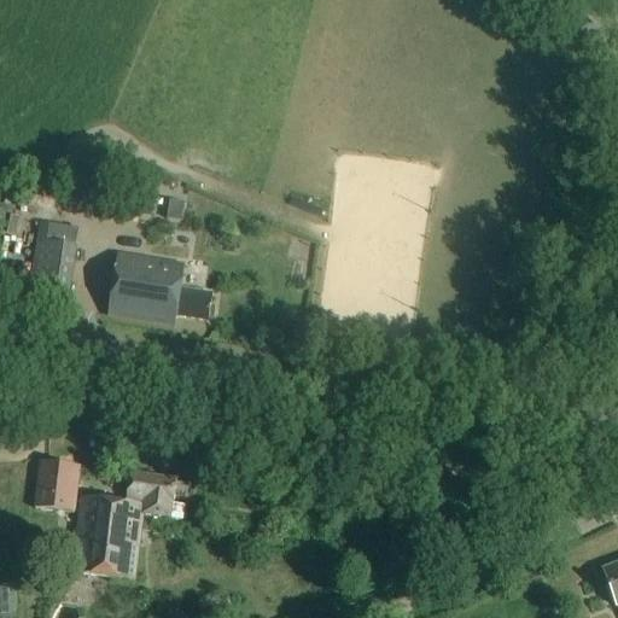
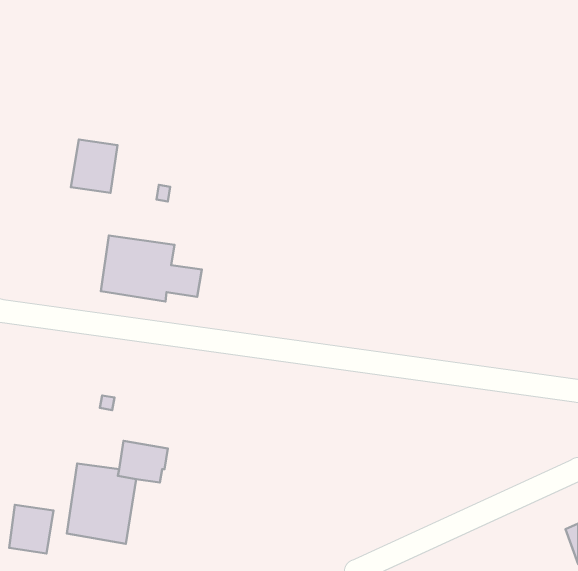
building: [27,235,76,292] -> [71,140,117,193]
building: [33,456,80,508] -> [9,505,53,553]

